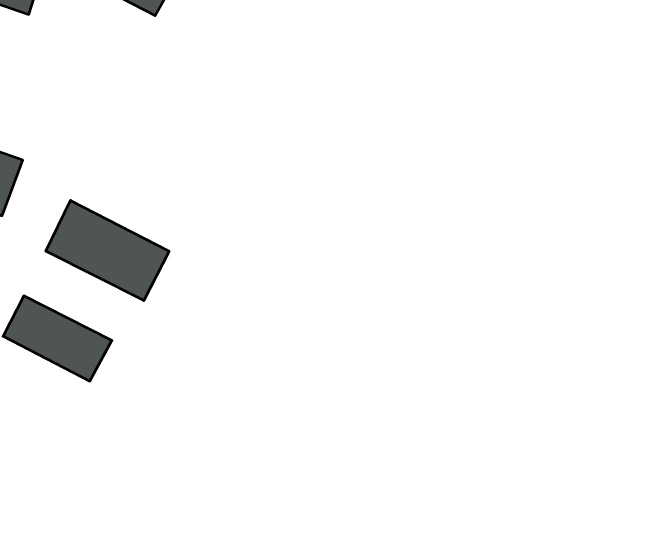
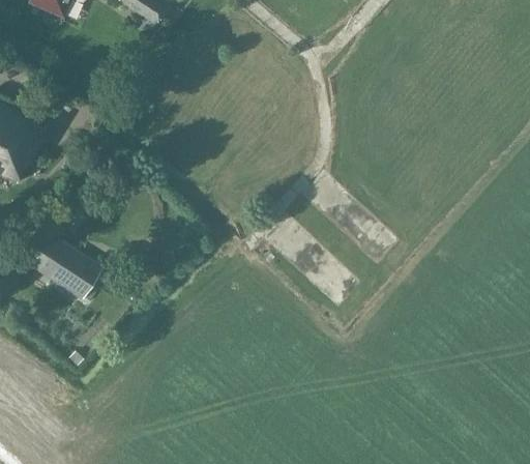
building: [46,200,169,301] -> none

